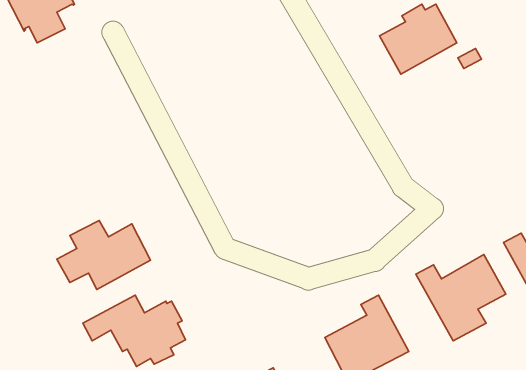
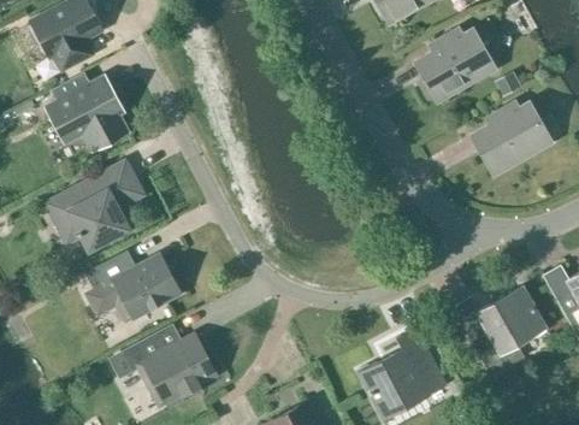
building: none -> [51,71,124,146]
building: none -> [472,101,551,173]
building: none -> [48,163,141,246]

